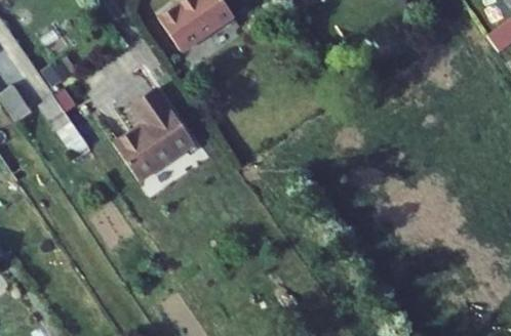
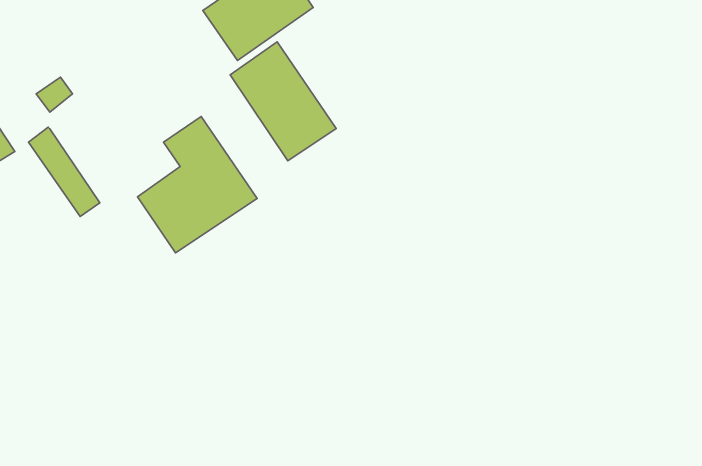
building: none -> [230,42,336,161]

